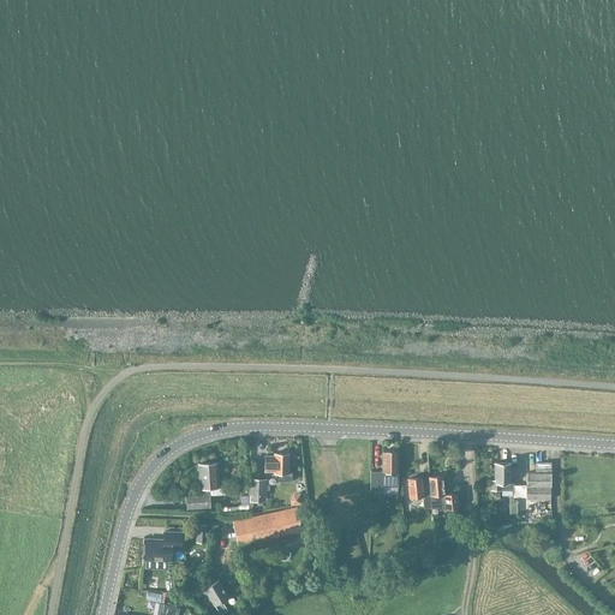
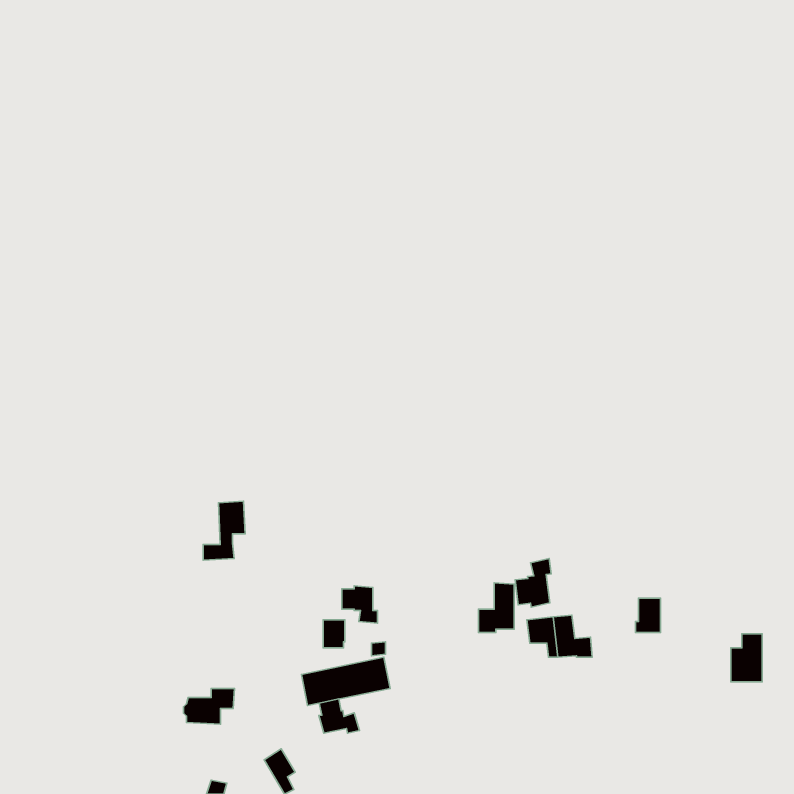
building: none -> [515,559,551,607]
building: [186,462,219,508] -> [203,501,245,560]
building: [526,462,550,500] -> [731,634,762,682]
building: none -> [319,699,359,733]

